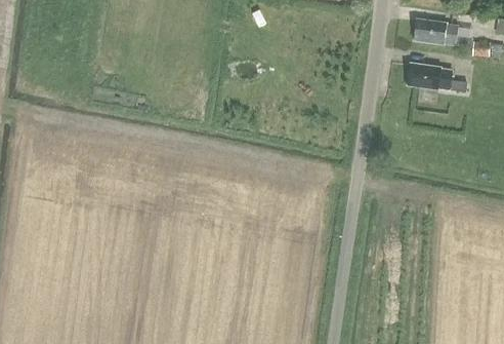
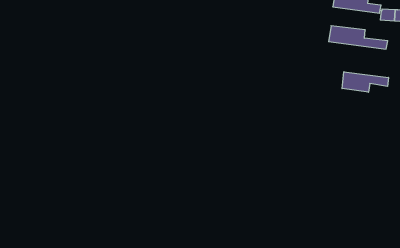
building: none -> [342,72,388,92]

